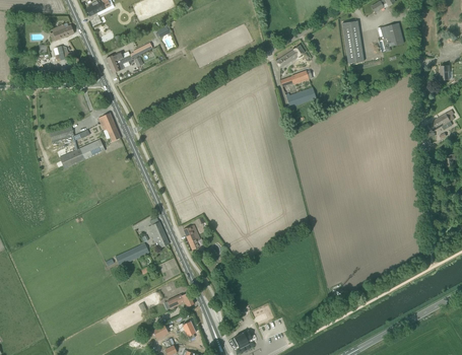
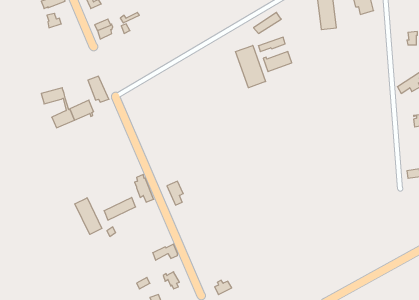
building: none -> [236,45,266,88]
building: none -> [75,198,102,234]

